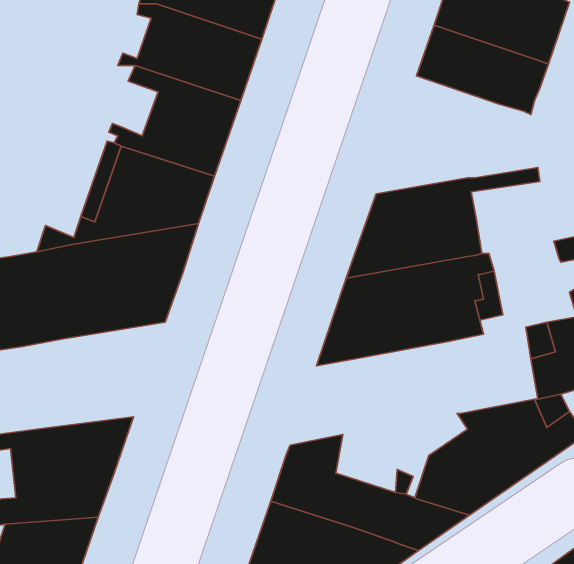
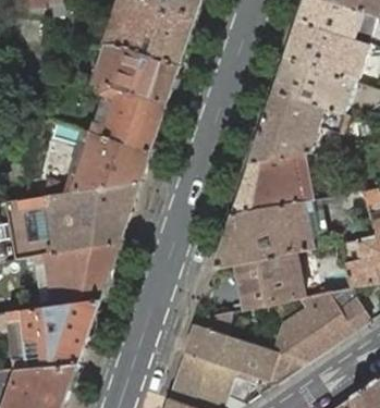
building: none -> [248,89,340,162]
building: none -> [29,242,118,308]
building: none -> [235,254,301,309]

